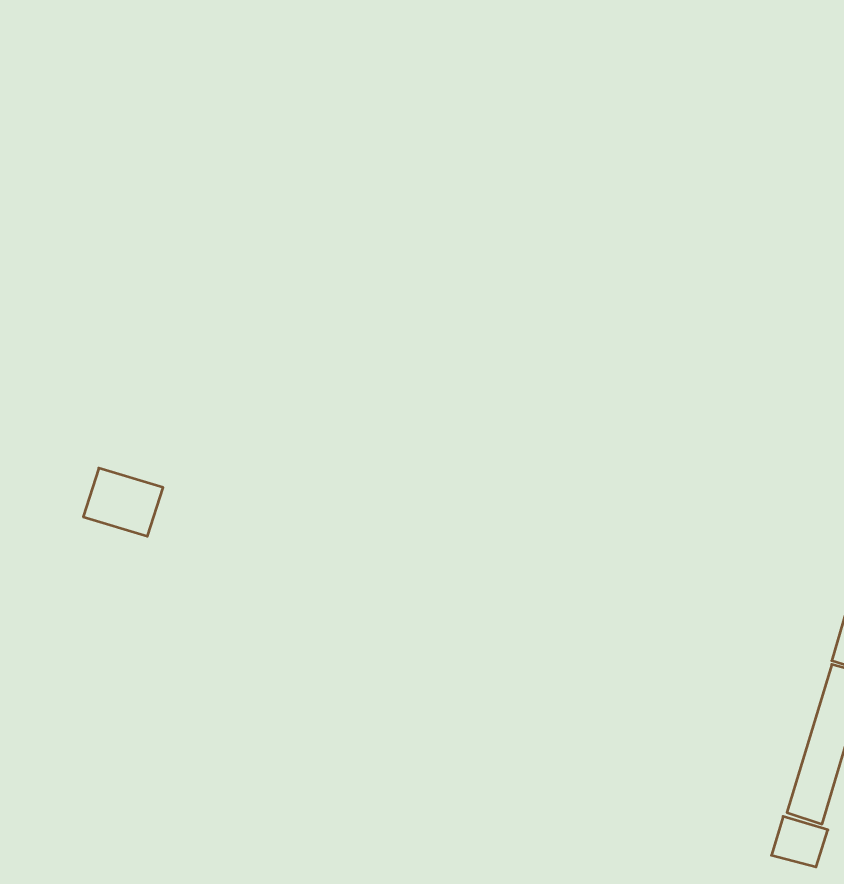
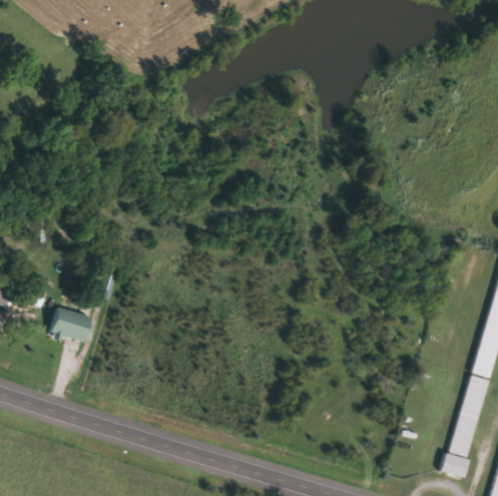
building: [83,468,163,536] -> [50,308,91,343]

